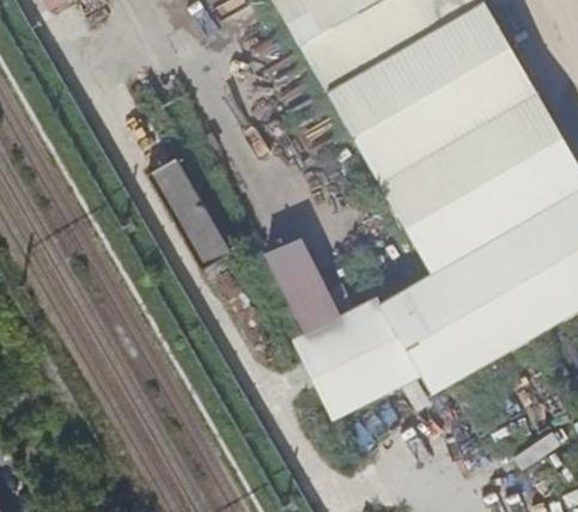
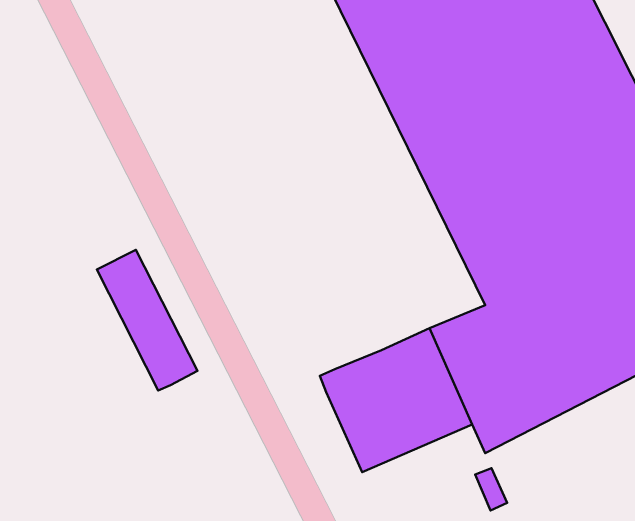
building: [147,156,235,269] -> [97,250,198,390]
building: [266,236,345,336] -> none

